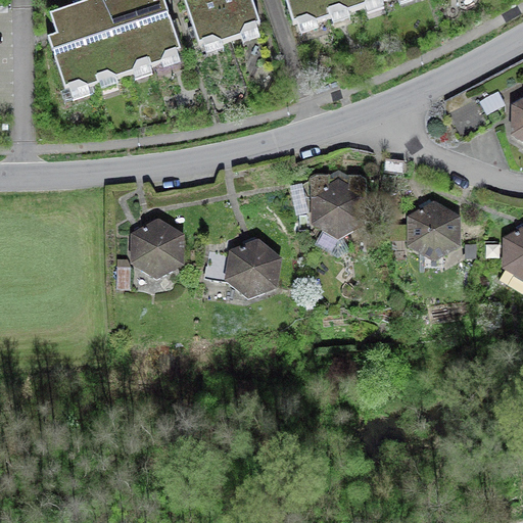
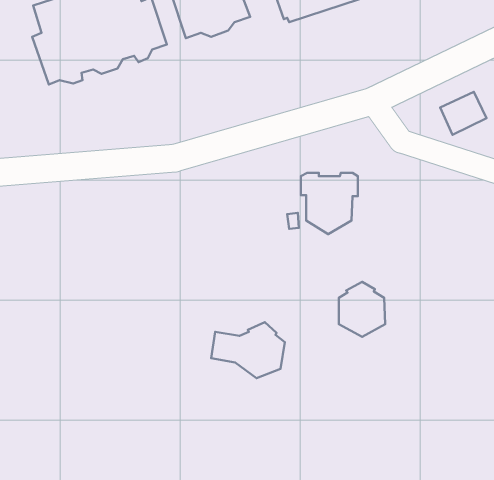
building: [412,201,457,254] -> [339,282,385,337]
building: [135,219,180,273] -> none
building: [205,238,277,292] -> [211,322,285,378]

